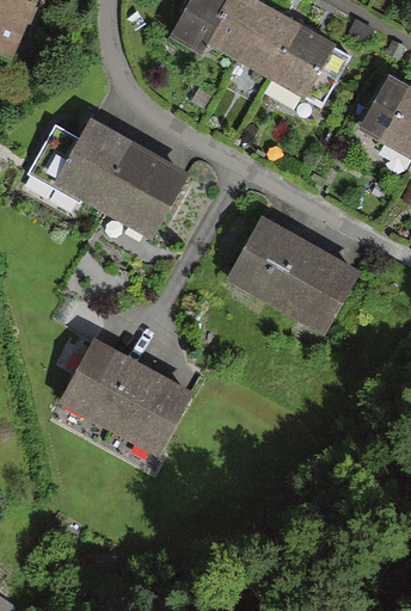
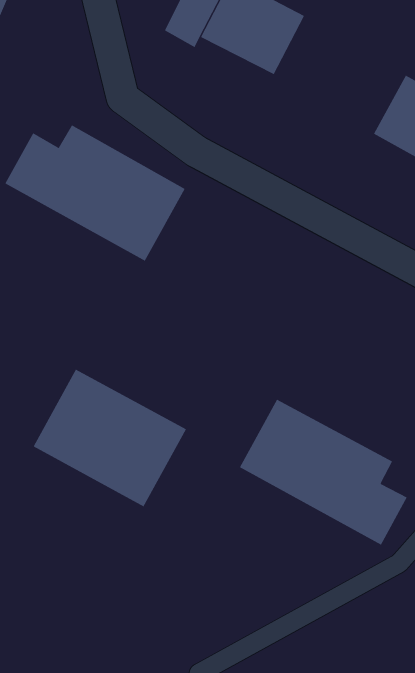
building: [270,24,335,95] -> none
building: [232,217,363,333] -> none
building: none -> [239,399,408,545]

